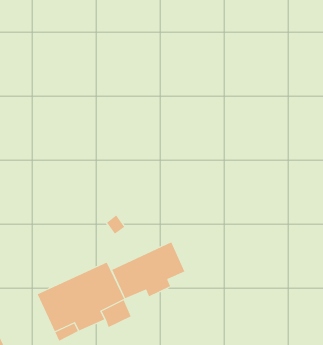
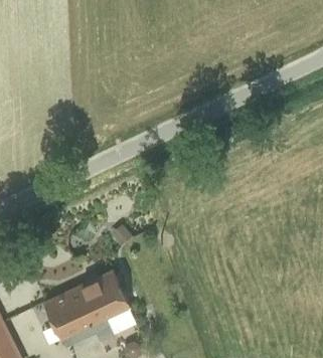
building: [111,242,185,300] -> none

